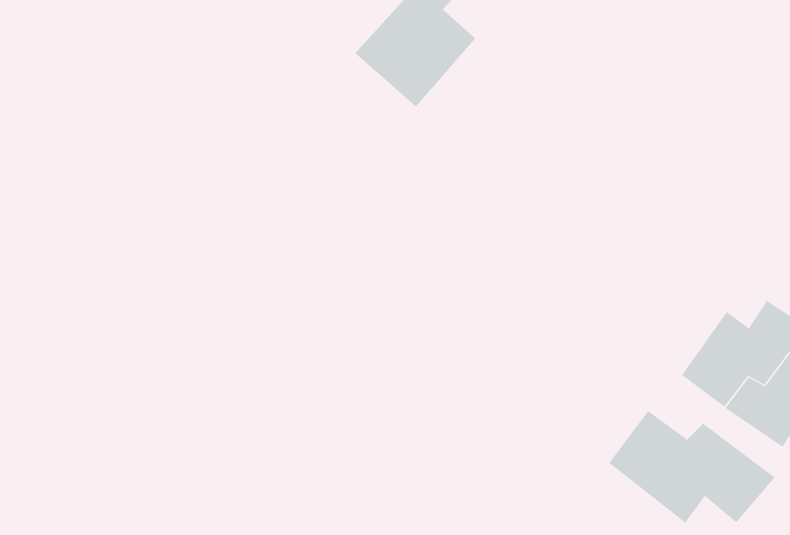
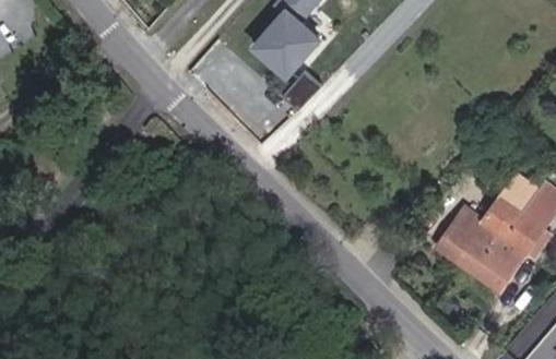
building: [609,410,776,523] -> none

